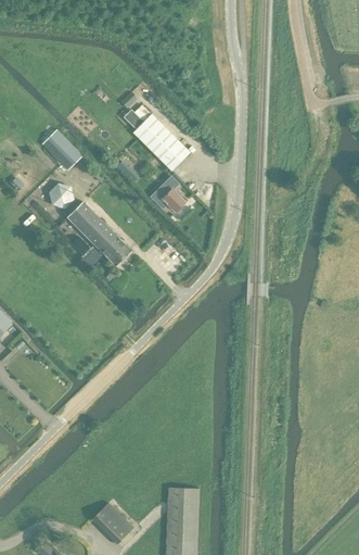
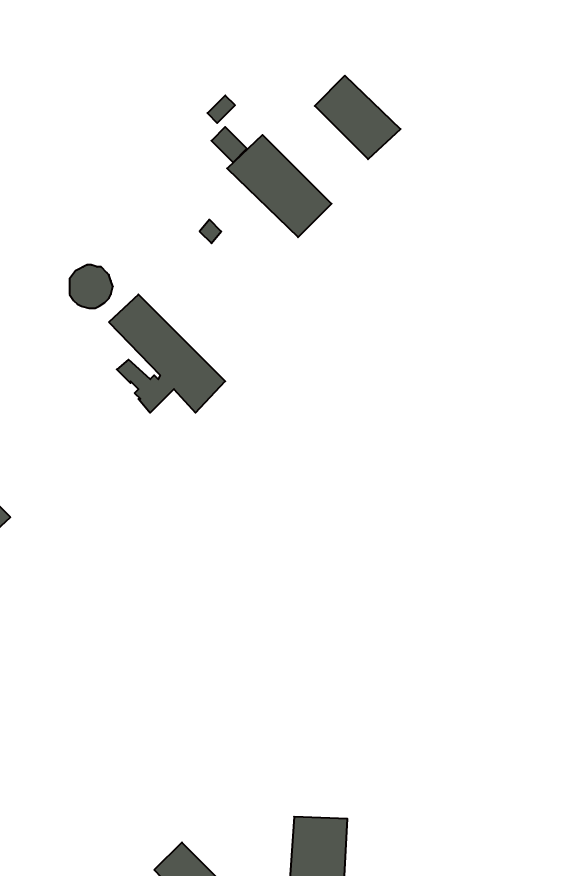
building: none -> [315,76,401,159]
building: [42,130,82,171] -> none
building: [150,176,184,212] -> none

